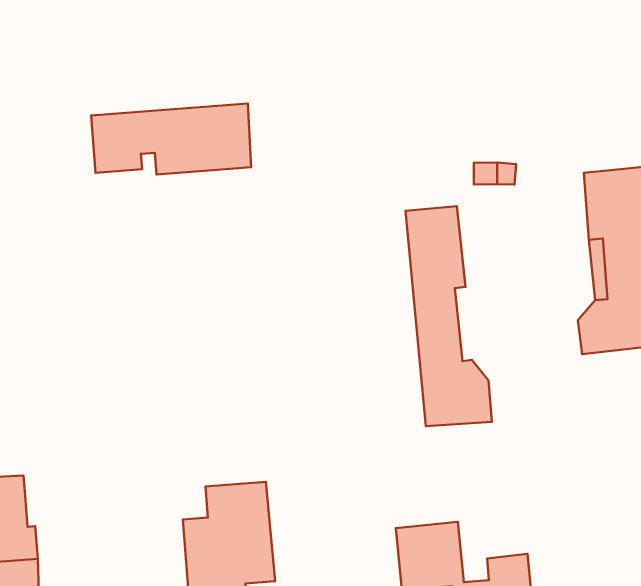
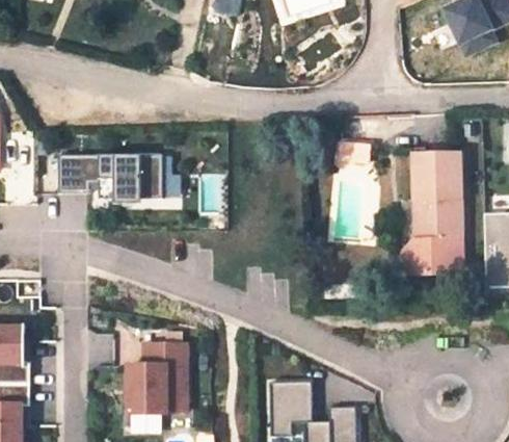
building: [91,103,251,174] -> [58,155,163,198]
building: [406,206,492,426] -> none

